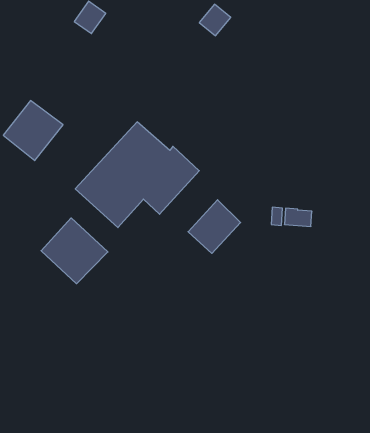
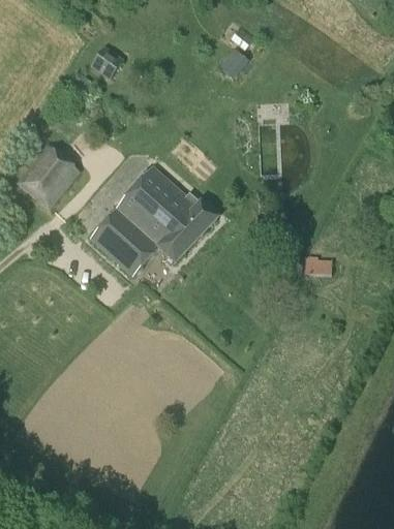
building: [188,200,241,253] -> none
building: [41,218,108,284] -> none

